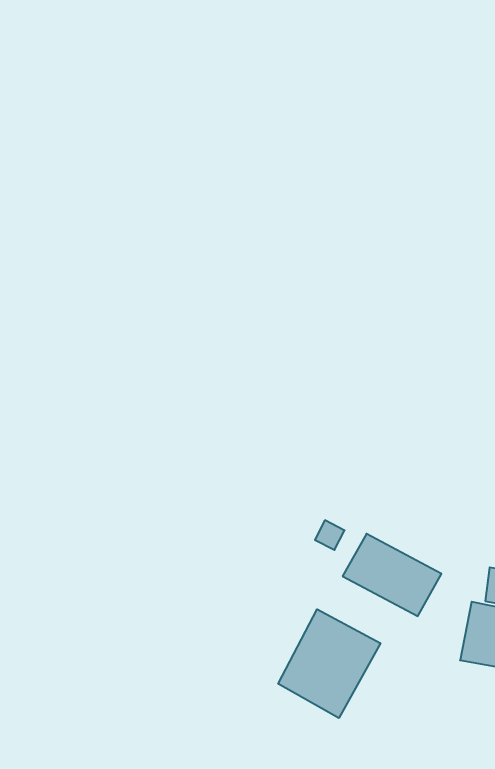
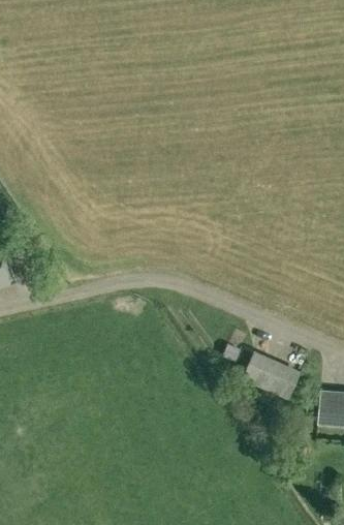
building: [278,609,380,718] -> none

